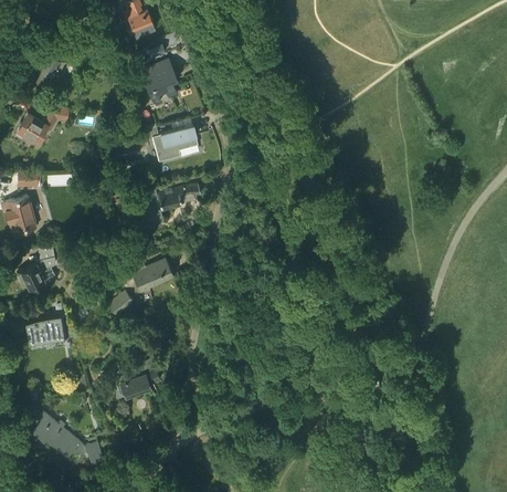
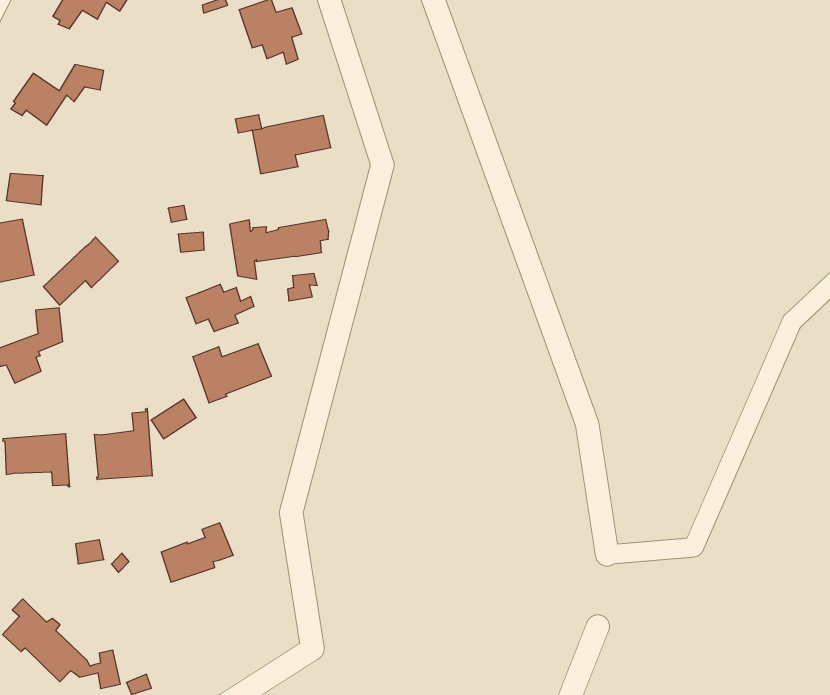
building: none -> [43,237,119,305]
building: none -> [186,284,254,332]
building: none -> [94,408,152,480]

